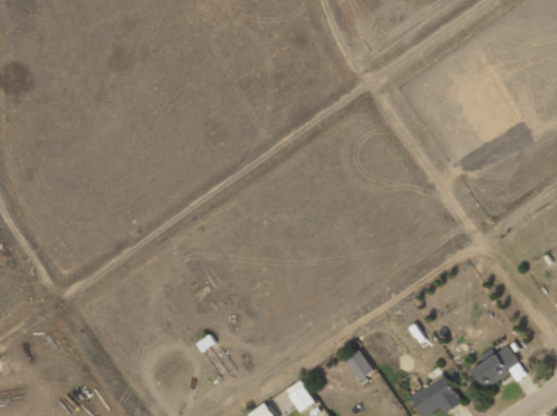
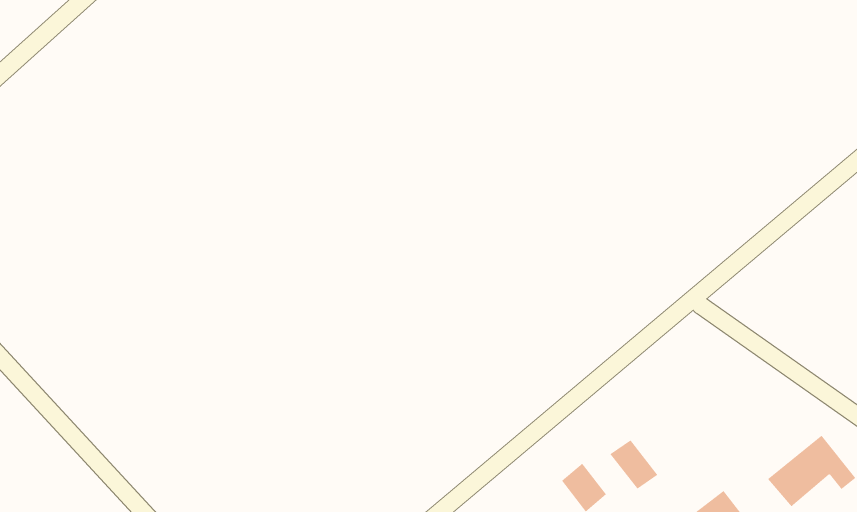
building: none -> [610,439,658,490]

